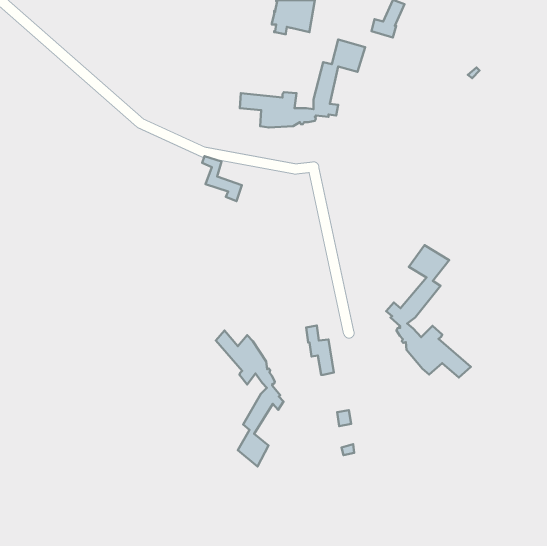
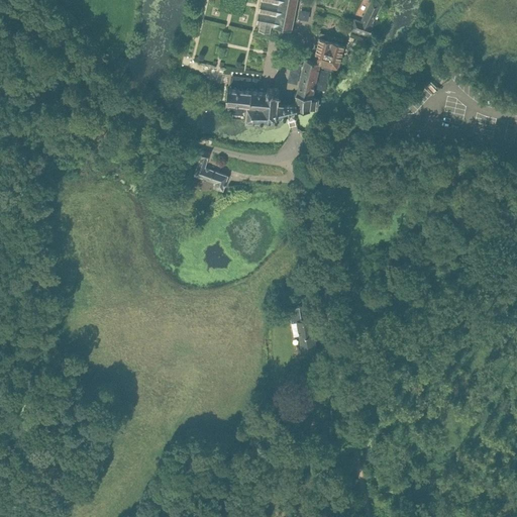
building: [386,245,471,378] -> none
building: [216,331,284,467] -> none

